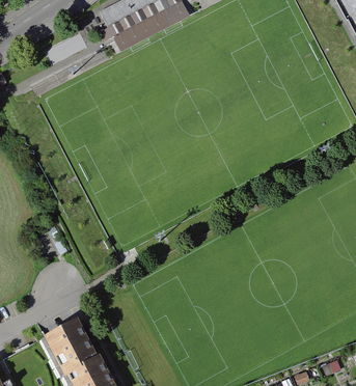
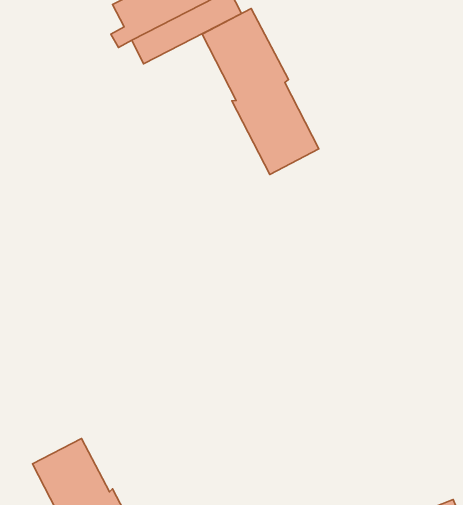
building: none -> [202,8,319,174]

